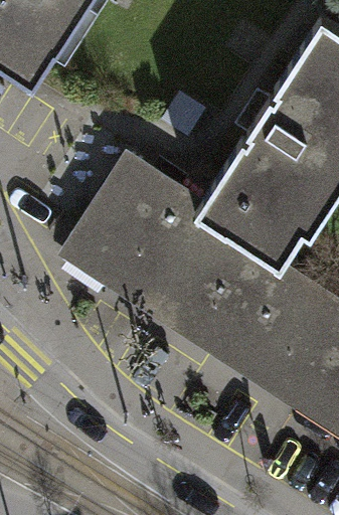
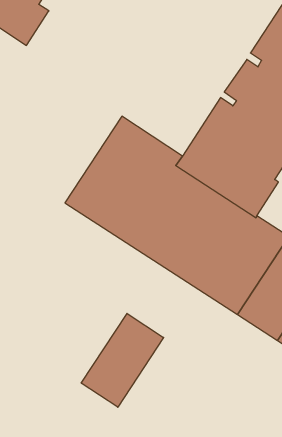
building: none -> [81,313,164,407]

